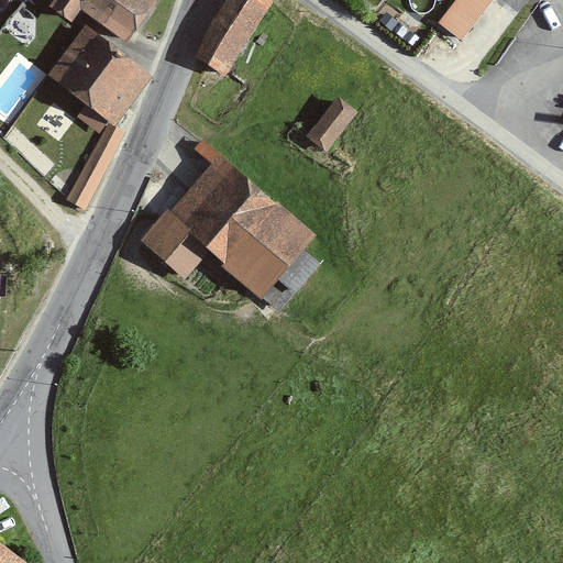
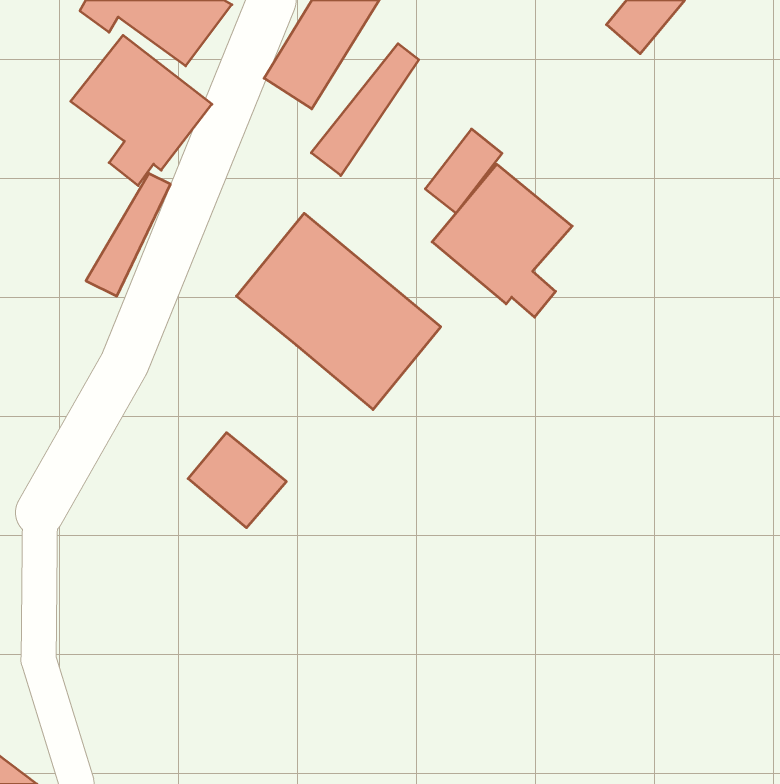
building: none -> [311,44,419,176]
building: none -> [432,164,572,317]
building: [142,212,212,280] -> [188,433,286,528]

